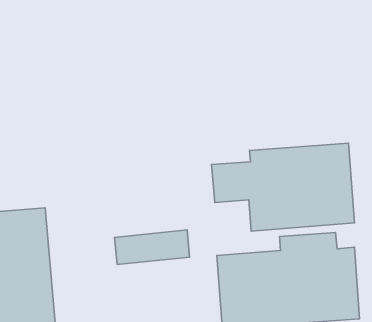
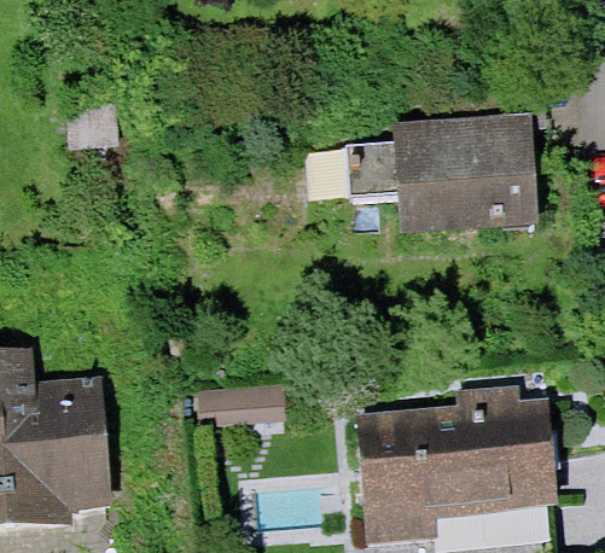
building: [212,143,354,231] -> [339,110,548,239]

